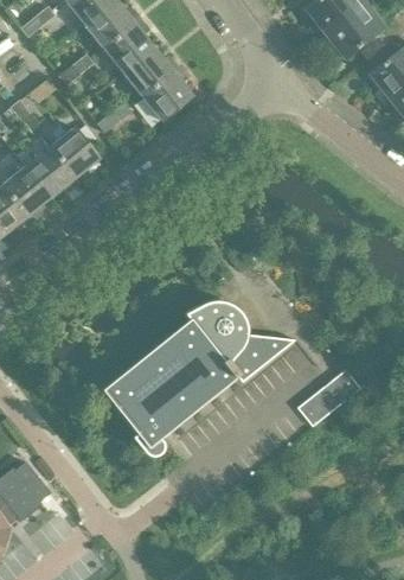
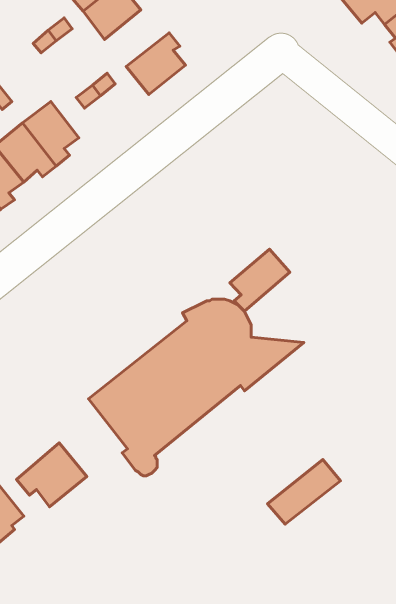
building: [121,45,178,95] -> none
building: none -> [230,249,290,311]
building: [297,368,361,425] -> [268,459,340,524]
building: none -> [16,443,87,507]

